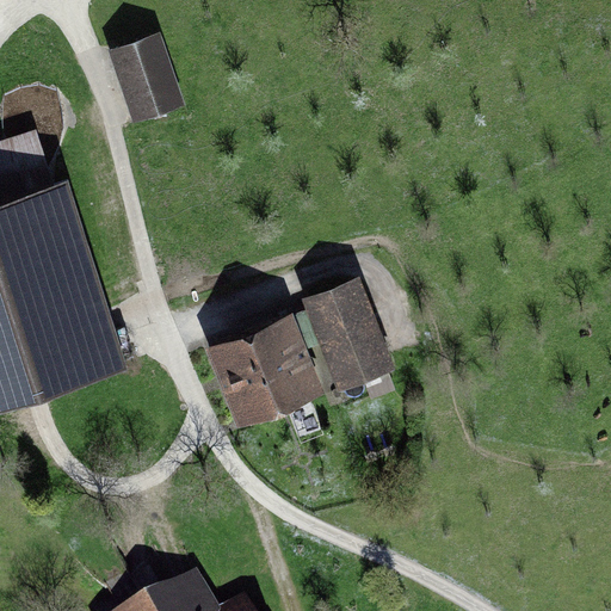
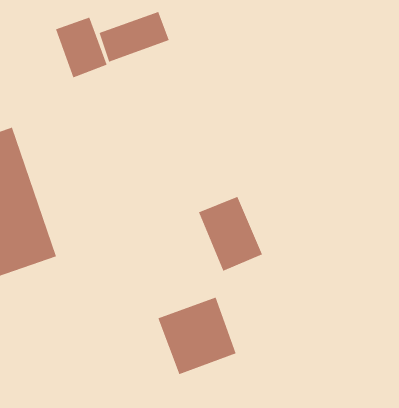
building: none -> [99,11,170,63]
building: [211,319,317,424] -> [158,297,237,375]

